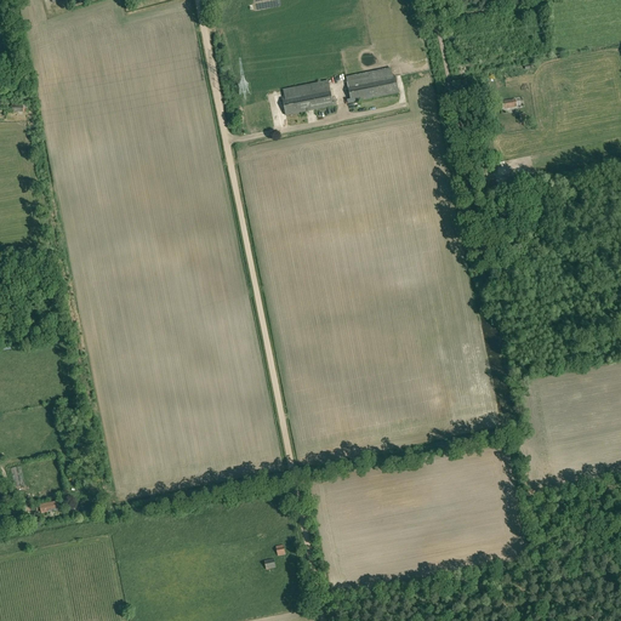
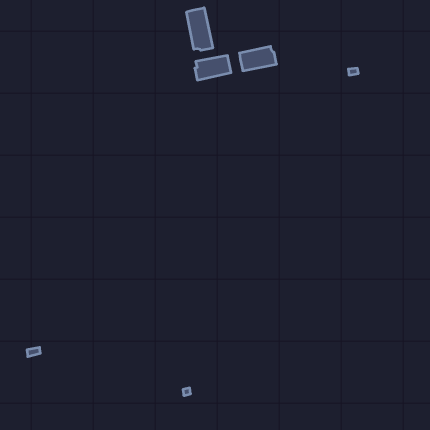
building: none -> [187,8,213,50]

